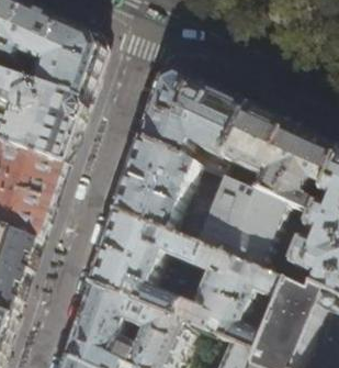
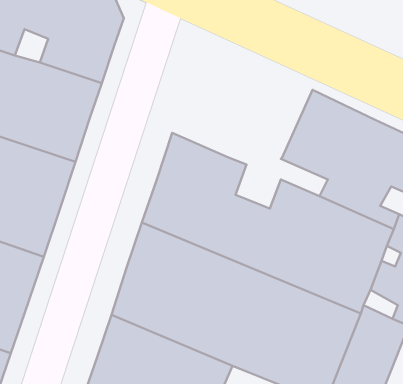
building: [138,70,250,158] -> none

